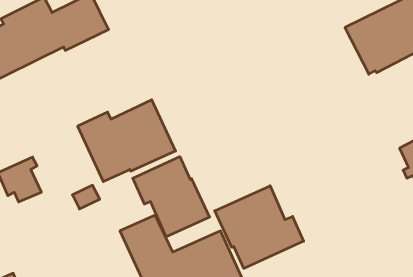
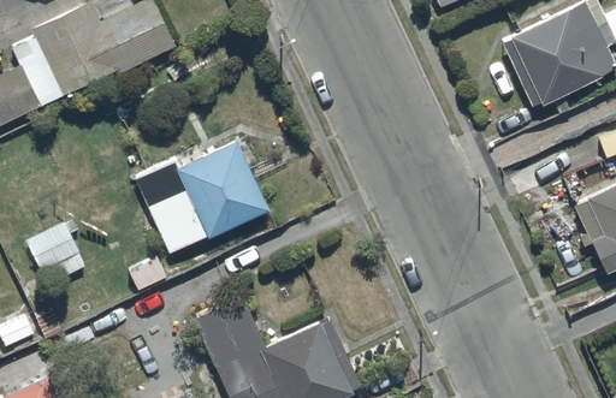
building: [133,157,210,237] -> none
building: [215,186,304,268] -> none

